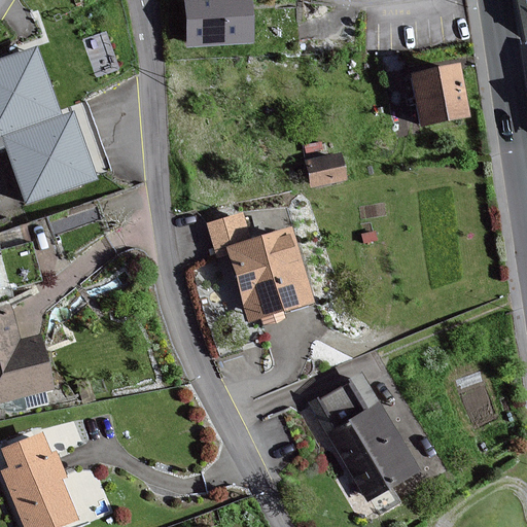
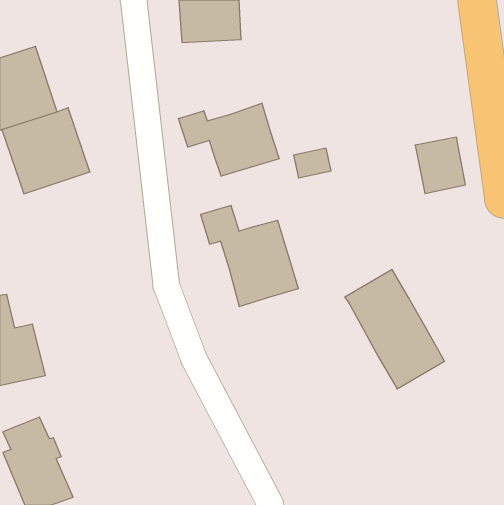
building: [414,65,466,124] -> [415,137,465,194]
building: none -> [179,103,279,176]
building: [312,375,416,499] -> [345,269,445,389]

